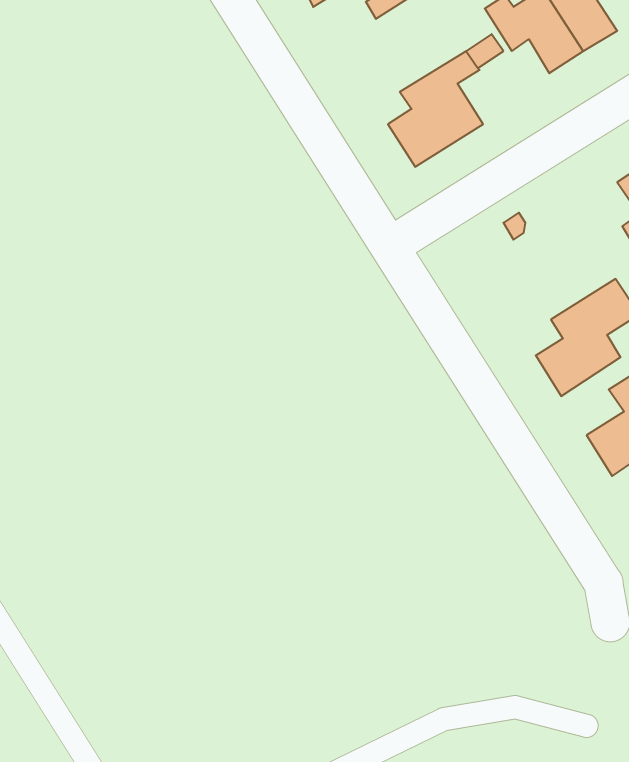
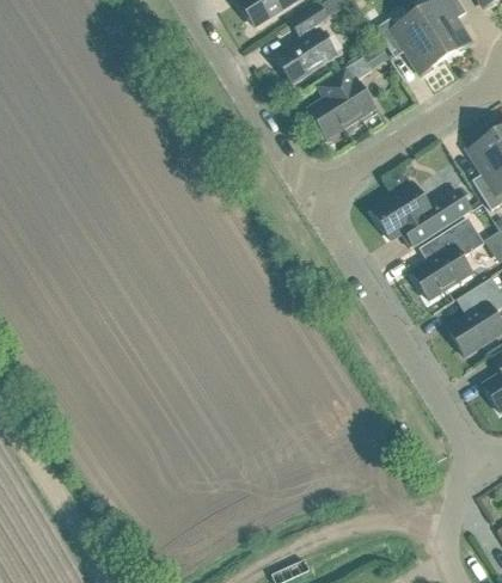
building: none -> [276,29,337,84]
building: none -> [373,184,471,239]

